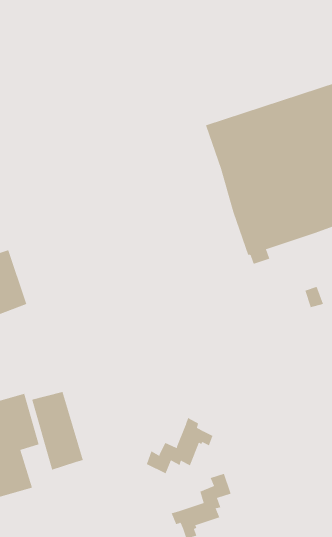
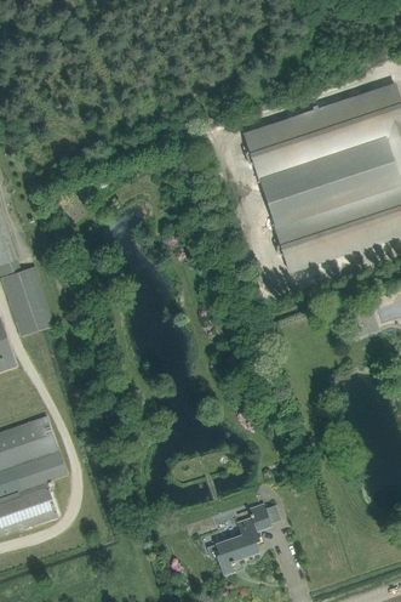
building: [32,391,83,470] -> none
building: [146,417,213,474] -> none

